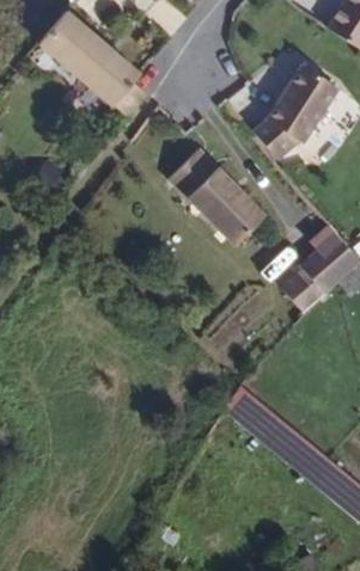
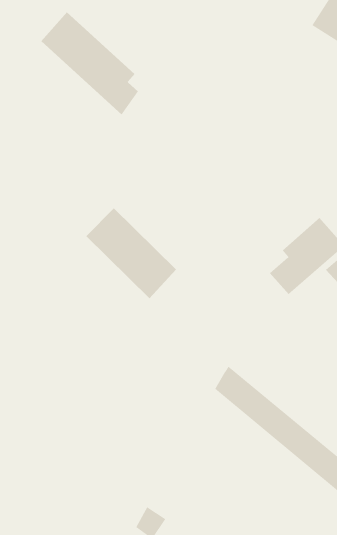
building: [252,62,337,159] -> none
building: [170,151,266,246] -> [85,208,177,299]

